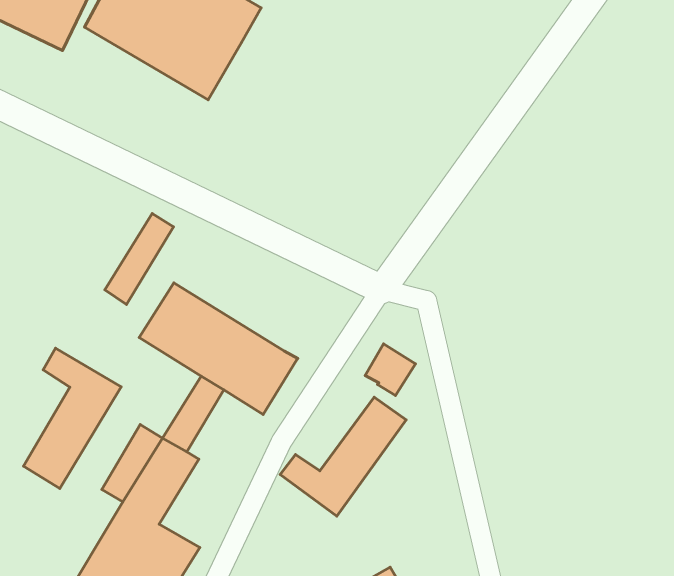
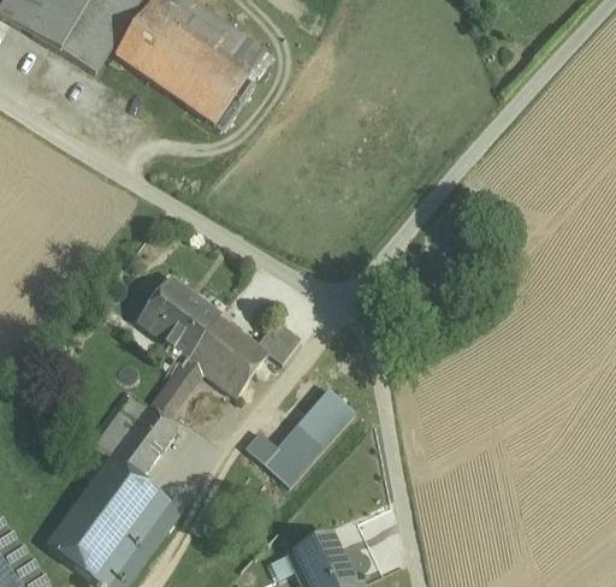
building: [105,214,173,305] -> none
building: [365,344,415,396] -> [259,318,302,362]
building: [24,348,121,488] -> none

